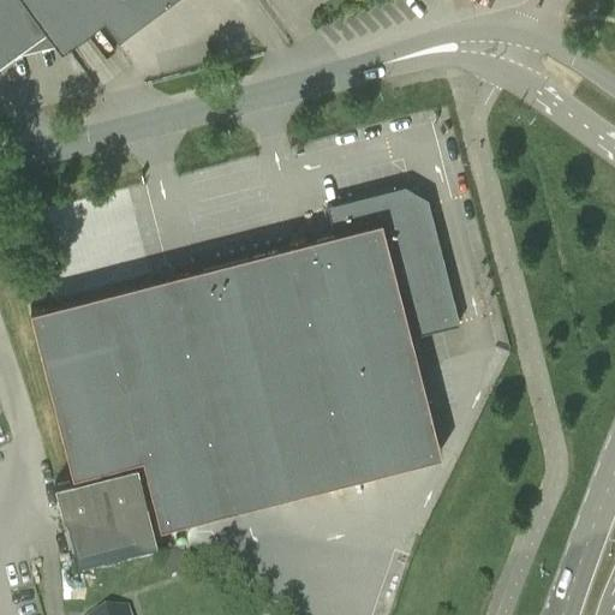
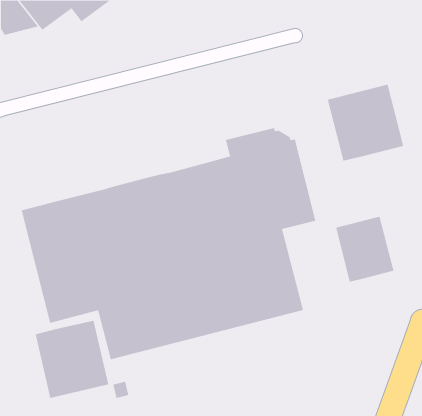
building: none -> [327,84,404,162]
building: none -> [335,216,394,282]

